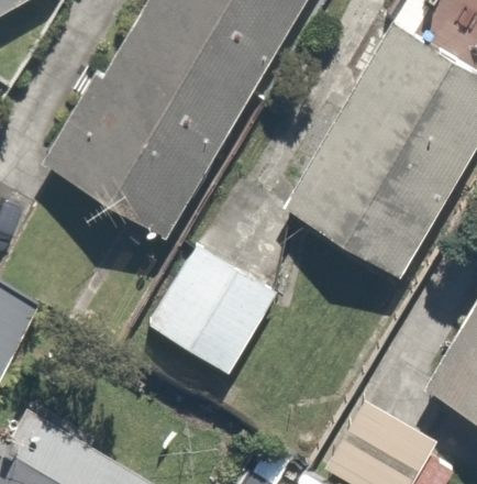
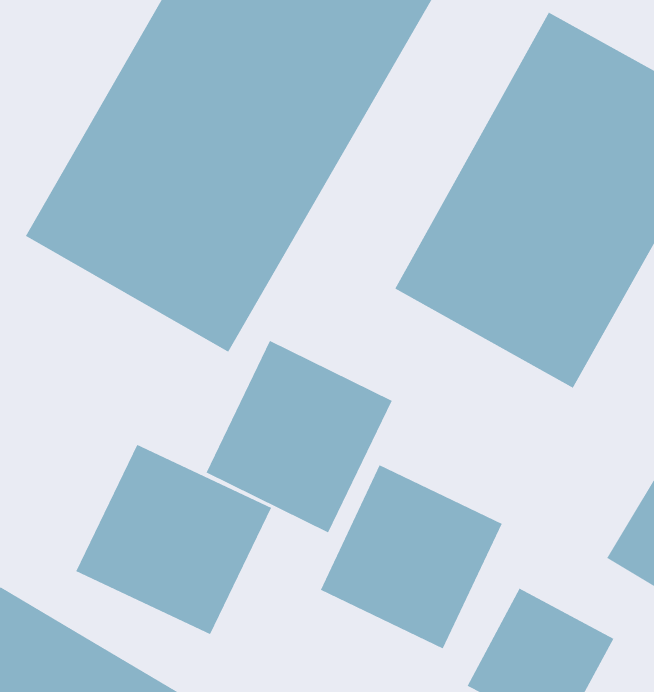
building: none -> [75,444,272,635]
building: none -> [320,464,503,650]

